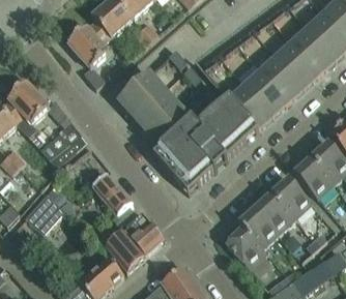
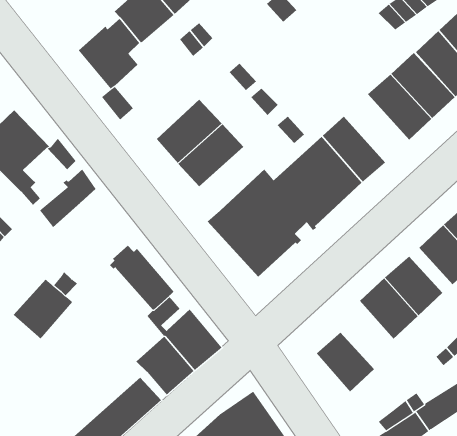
building: [246,70,289,116] -> none
building: [149,106,193,148] -> none
building: [238,208,279,253] -> none

